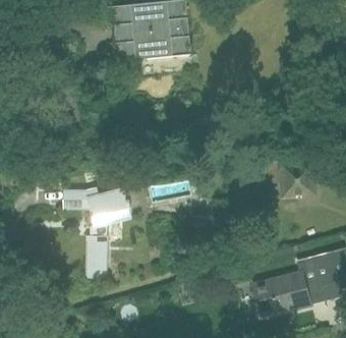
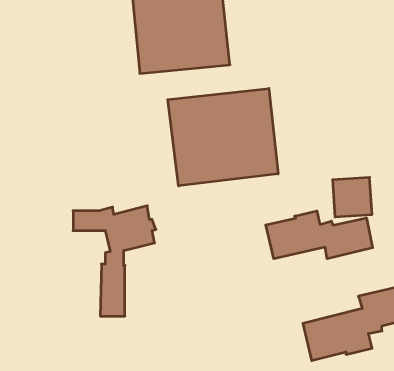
building: none -> [168,88,278,186]
building: none -> [266,211,373,259]

